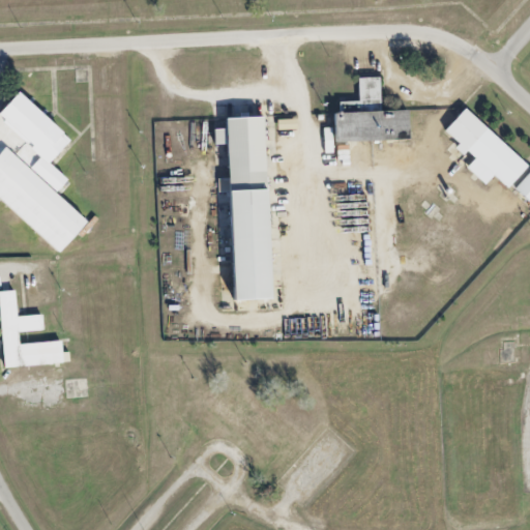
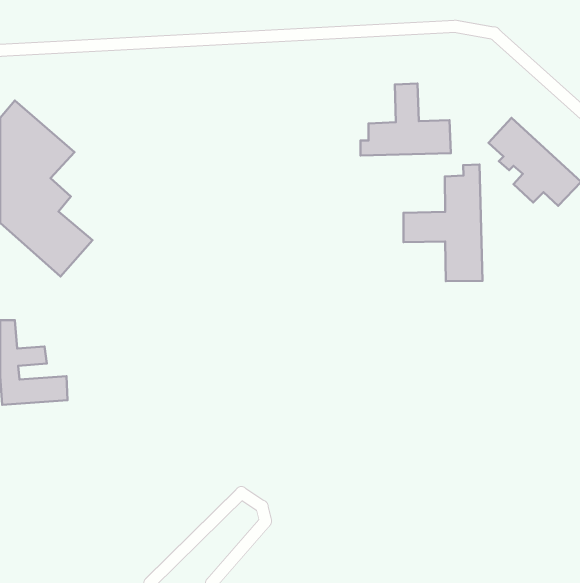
building: [216,116,268,299] -> none
building: none -> [403,164,482,281]

